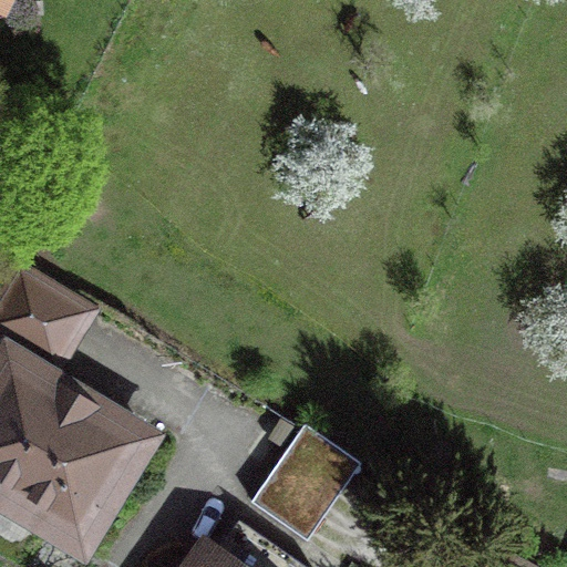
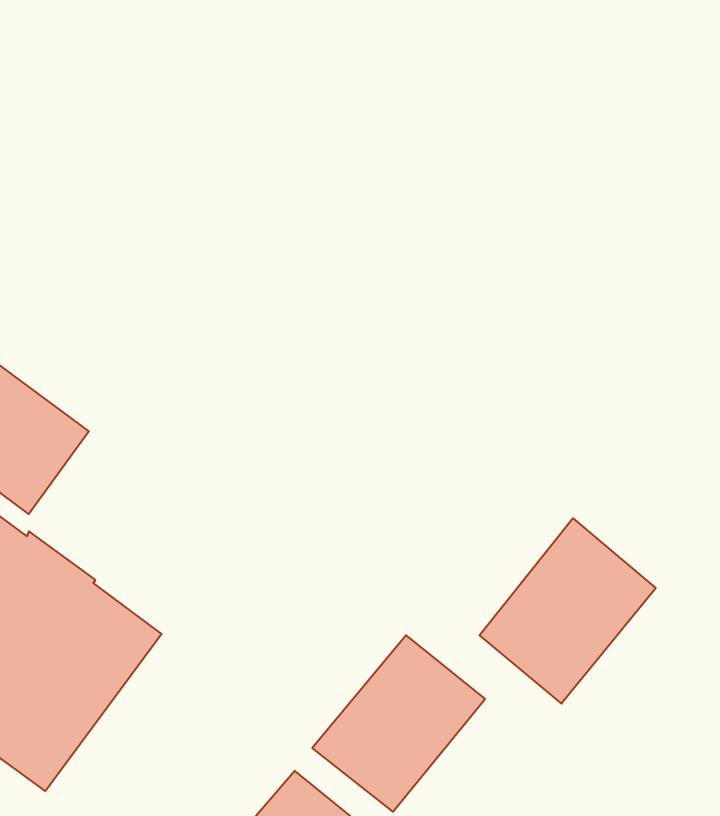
building: none -> [479,518,656,704]

